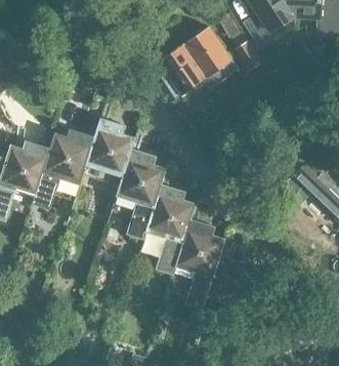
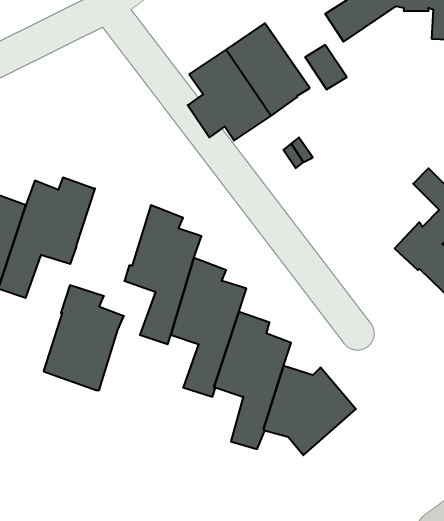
building: [82,117,135,187] -> [44,285,124,390]

